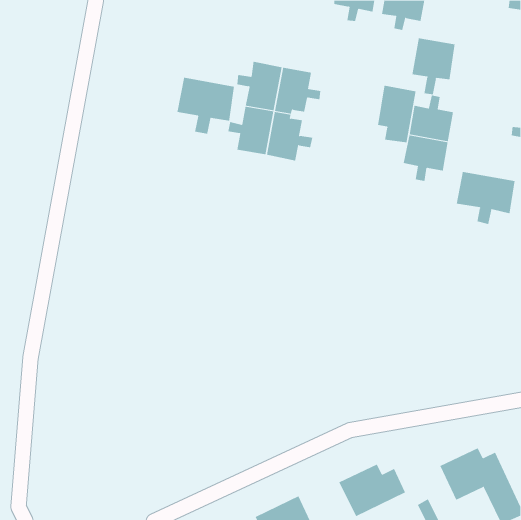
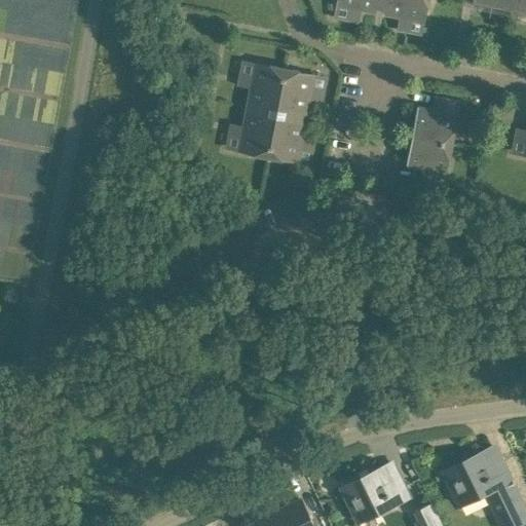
building: [412,37,455,95] -> none
building: [177,77,235,134] -> none
building: [378,85,416,143] -> none
building: [456,171,515,225] -> none

